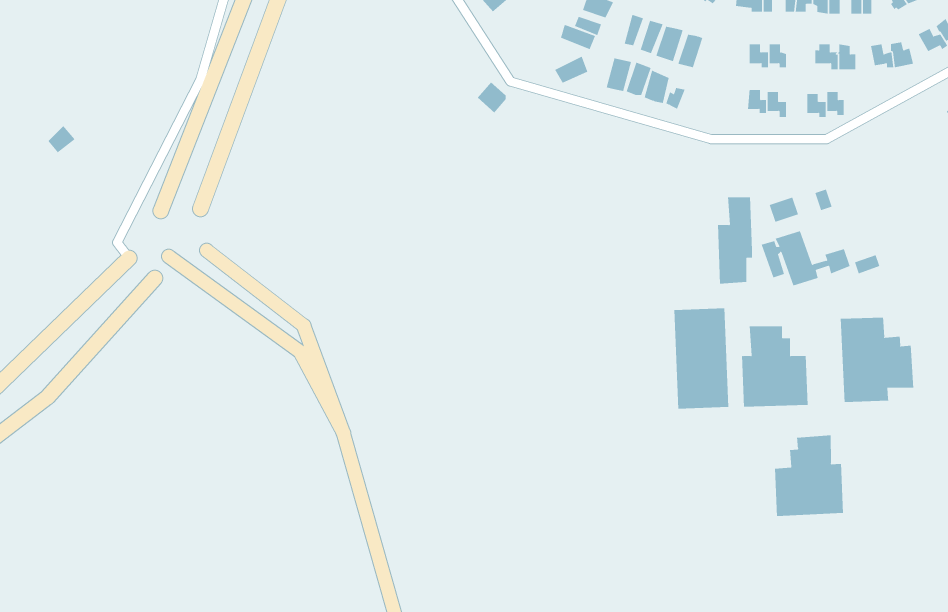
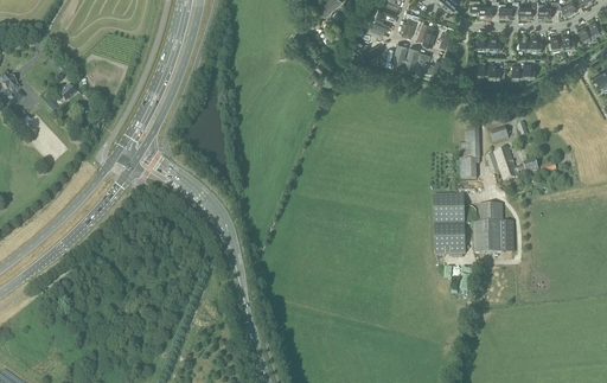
building: [840,317,914,403] -> none
building: [775,435,843,517] -> none

